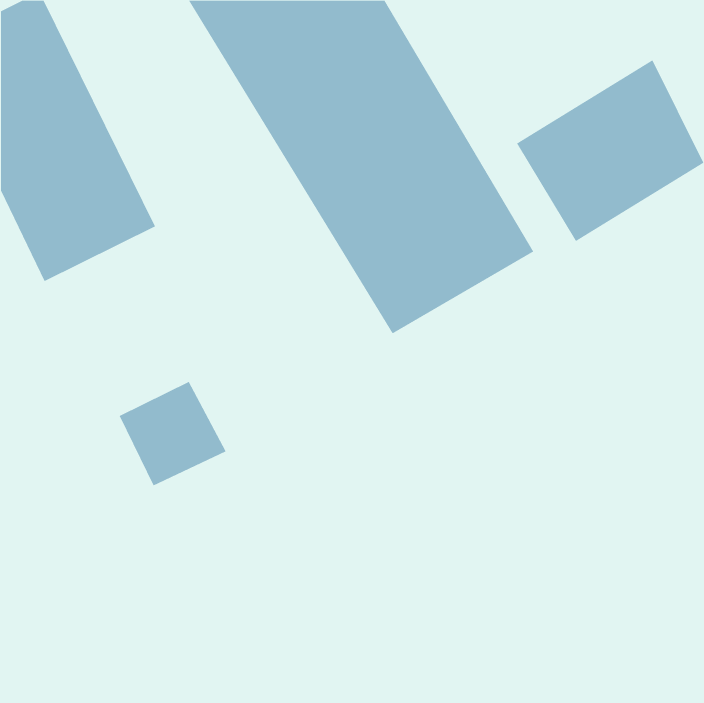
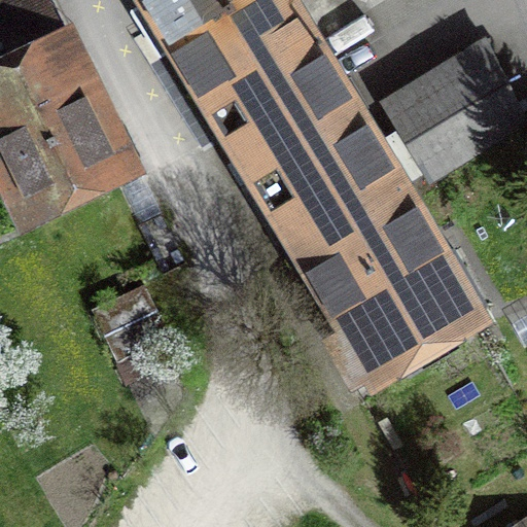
building: none -> [293,189,488,385]

